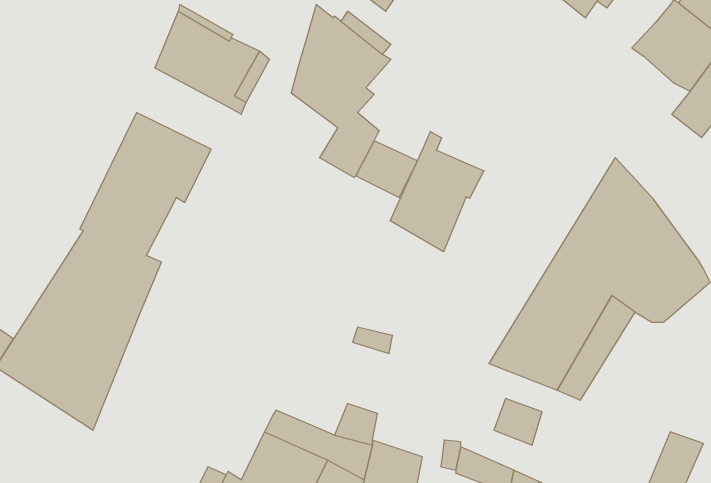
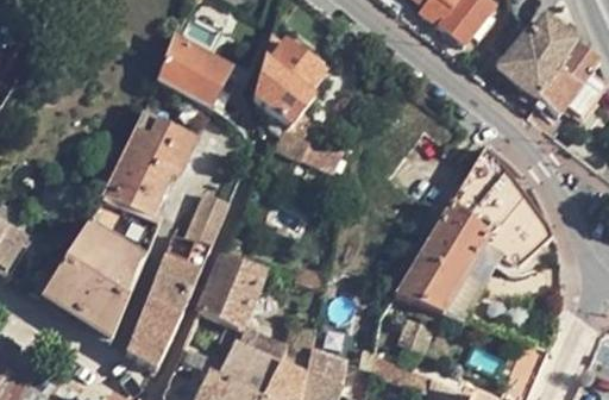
building: [390,131,484,252] -> none
building: none -> [126,192,230,368]
building: none -> [197,255,264,329]

